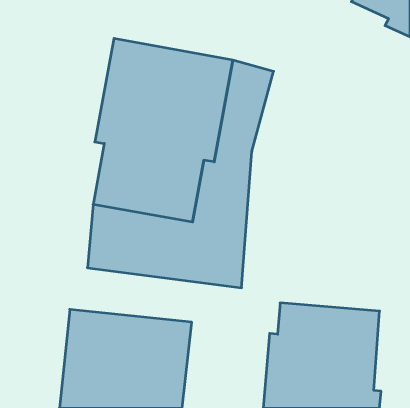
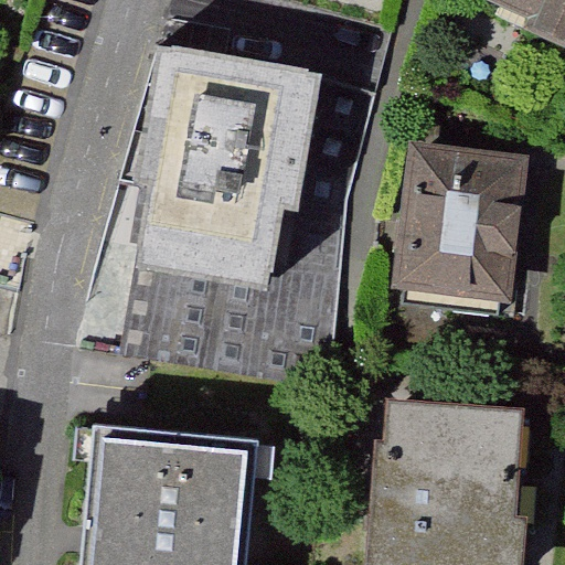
building: none -> [397,149,523,299]

